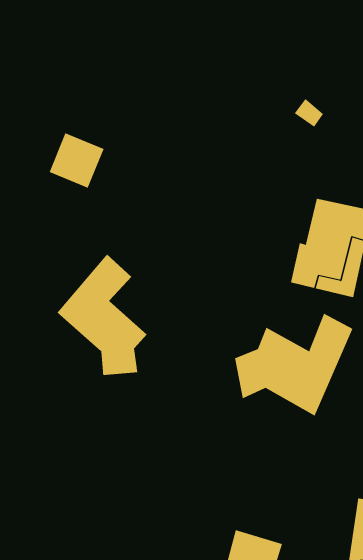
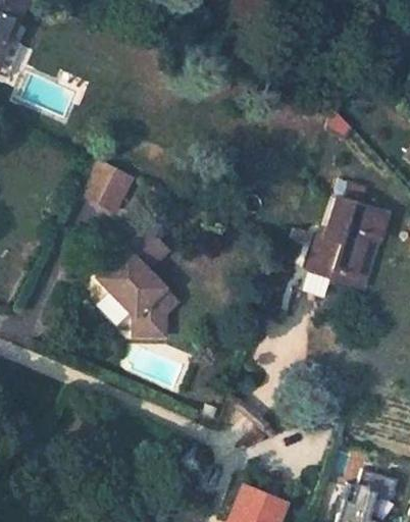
building: [49,133,104,188] -> [84,163,135,214]
building: [234,313,353,416] -> none

